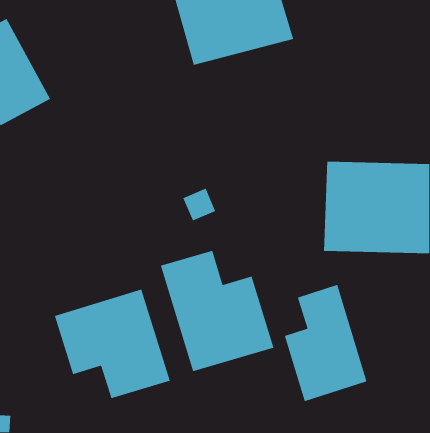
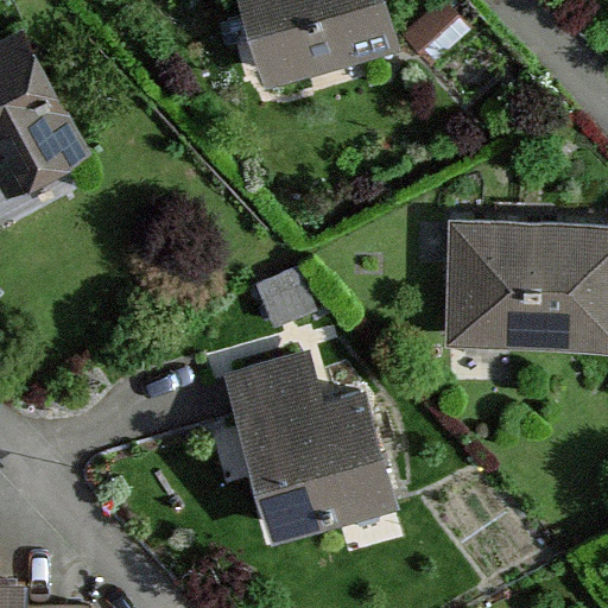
building: [284,284,368,402] -> none
building: [54,289,171,399] -> none

